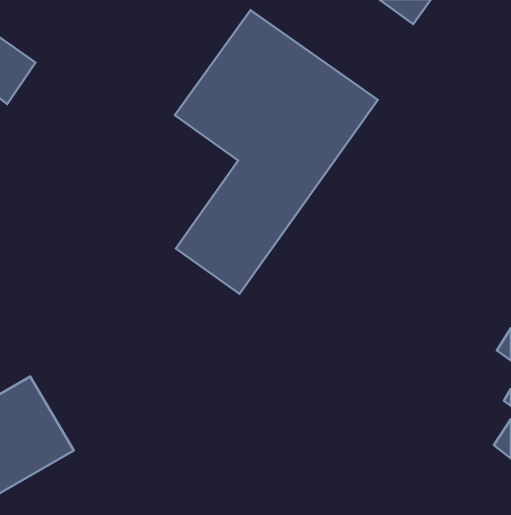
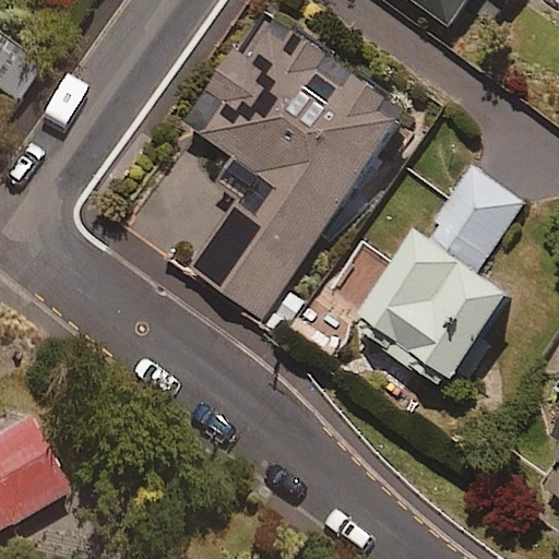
building: none -> [350,167,520,389]

